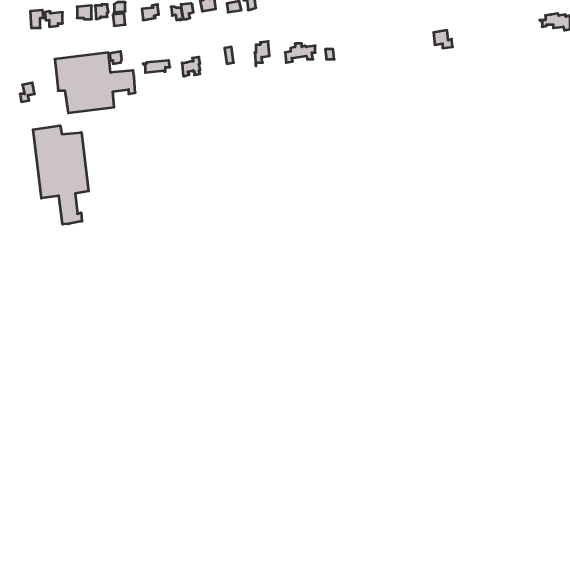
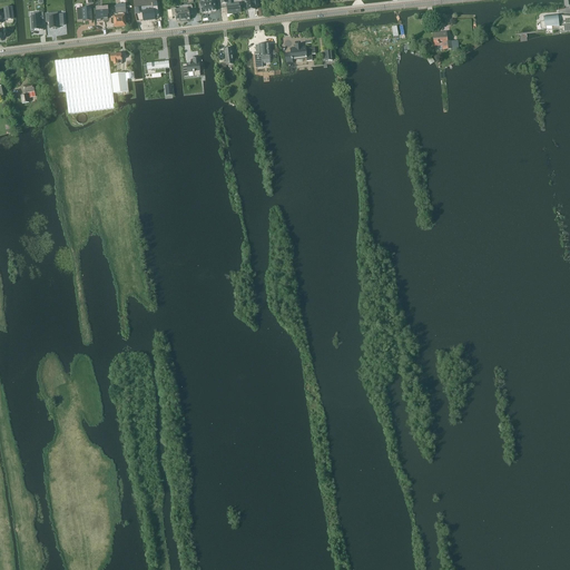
building: [33,126,89,224] -> none

